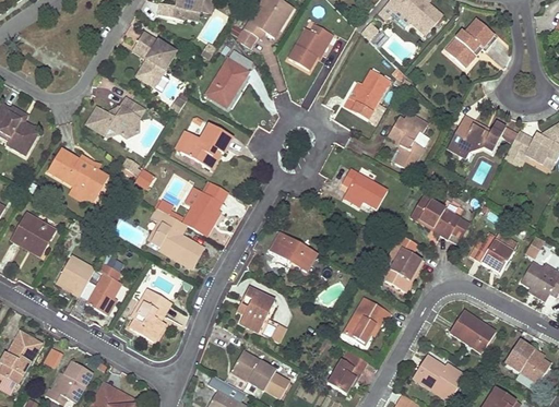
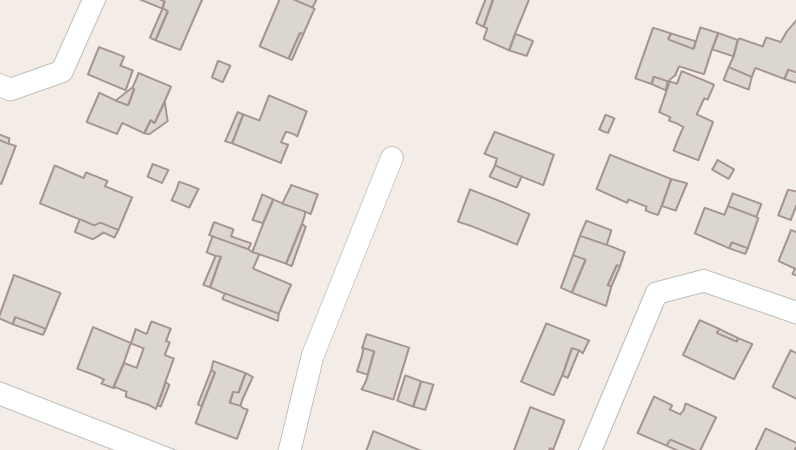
building: [389,111,427,170] -> [659,71,714,160]
building: [270,231,317,272] -> [458,189,529,245]

